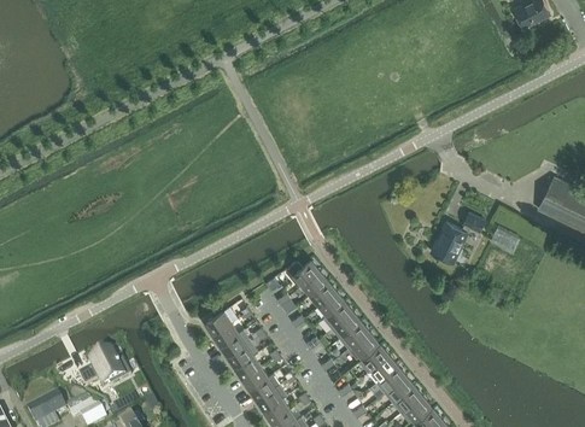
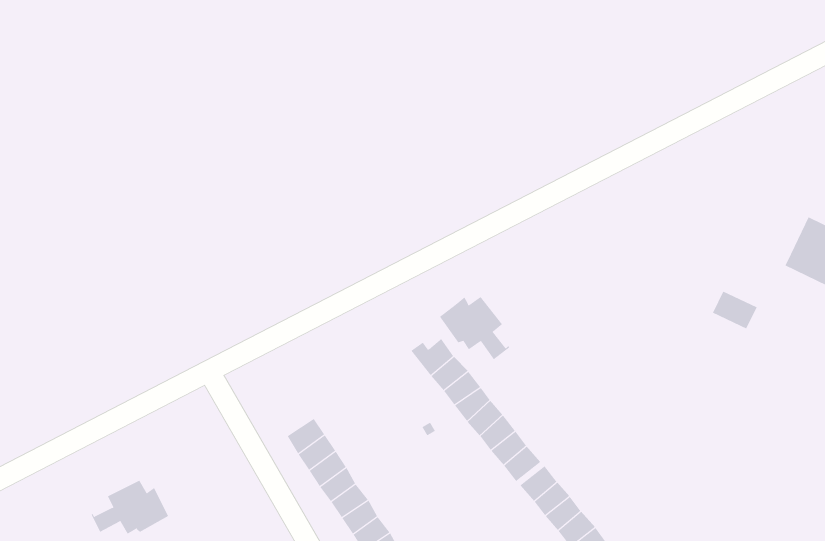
building: [428,211,482,262] -> none
building: none -> [439,296,510,360]

